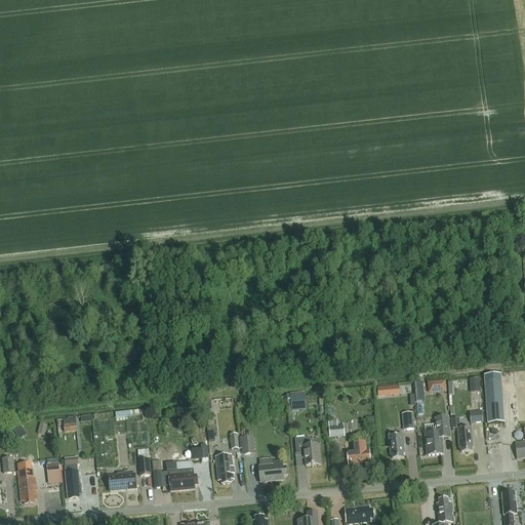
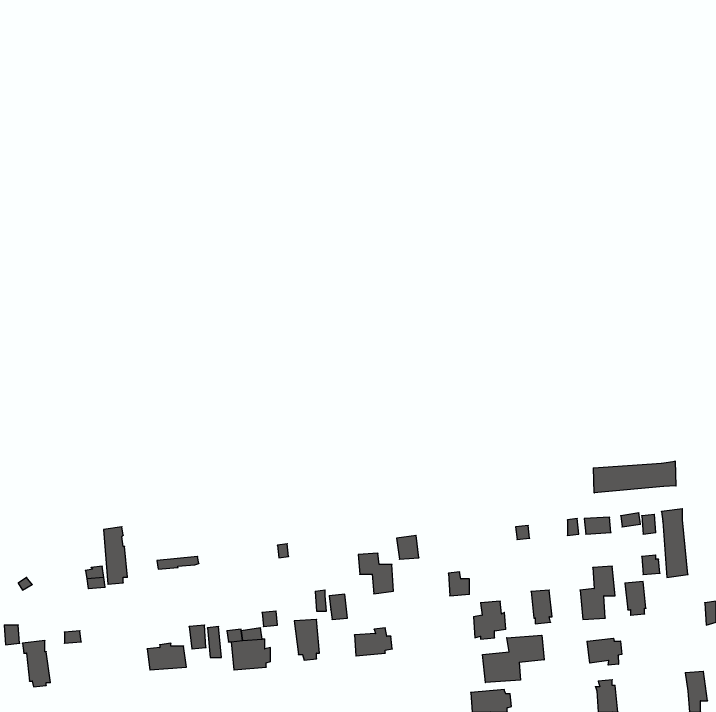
building: none -> [593,461,676,493]
building: [295,436,321,466] -> [358,553,393,594]
building: [65,455,82,497] -> [104,527,127,584]
building: none -> [483,635,544,683]
building: none -> [587,638,622,665]

